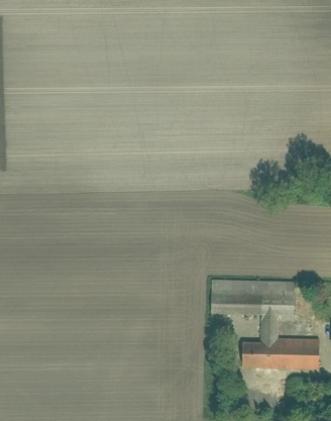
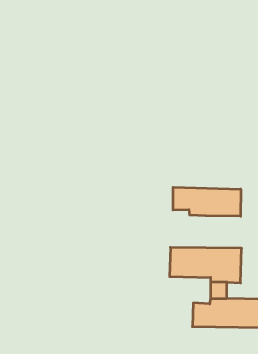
building: none -> [173,187,241,216]

